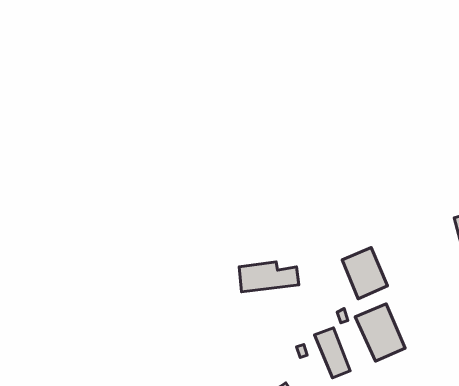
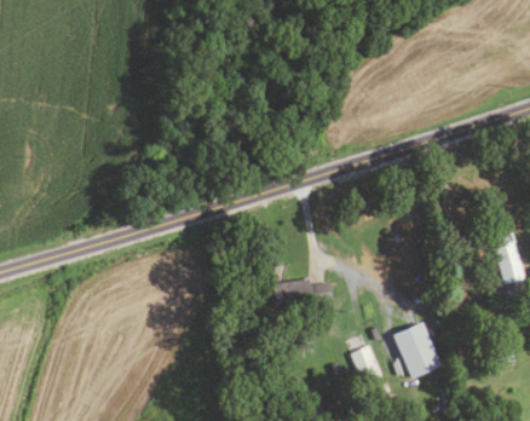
building: [342,247,388,299] -> none

